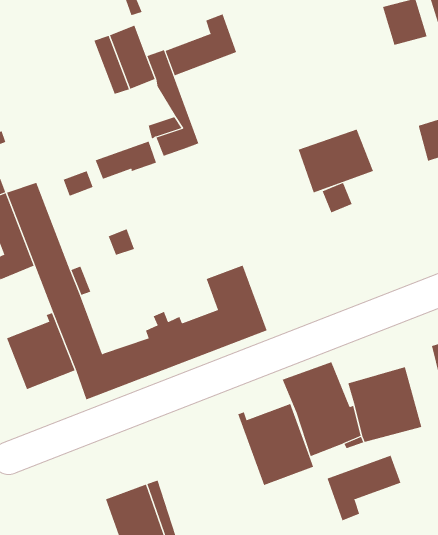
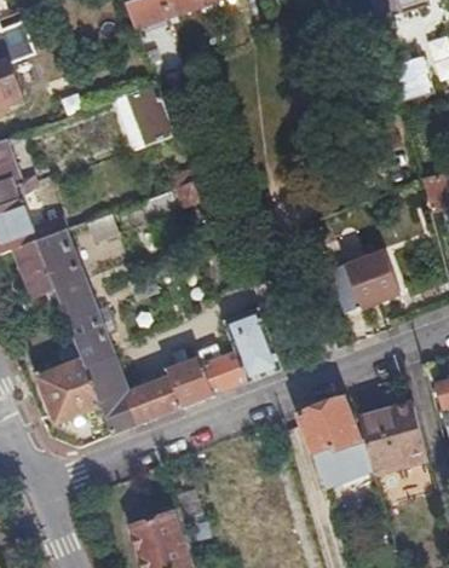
building: [165,13,237,76] -> none
building: [298,129,374,193] -> [329,250,401,311]
building: [237,403,314,486] -> none
building: [327,455,401,521] -> none

